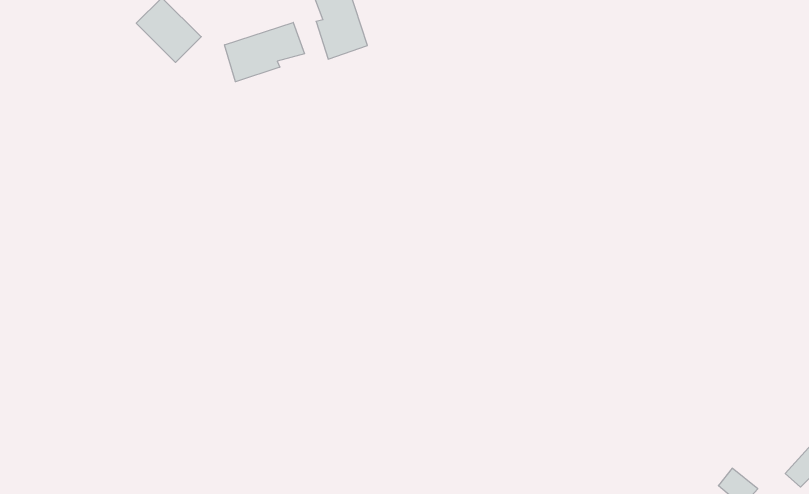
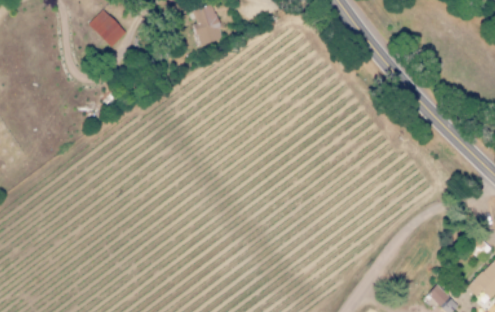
building: [225,22,304,82] -> none

